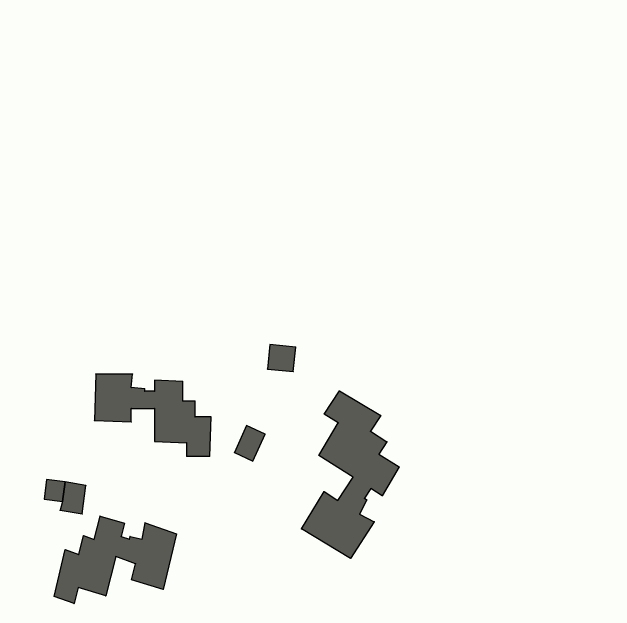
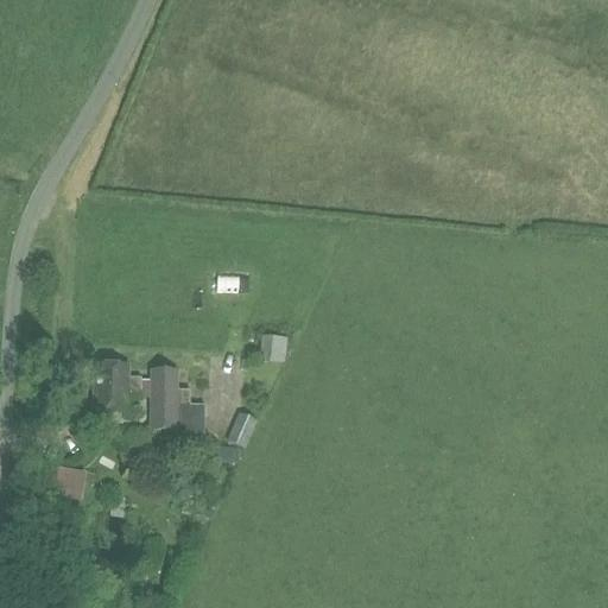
building: [301,391,399,558] -> none
building: [54,516,176,604] -> none

